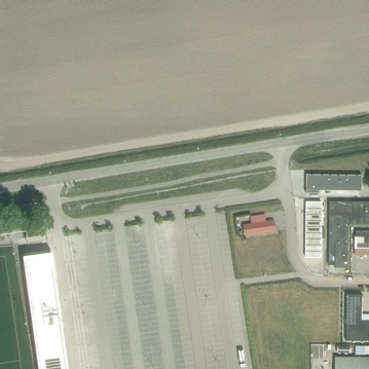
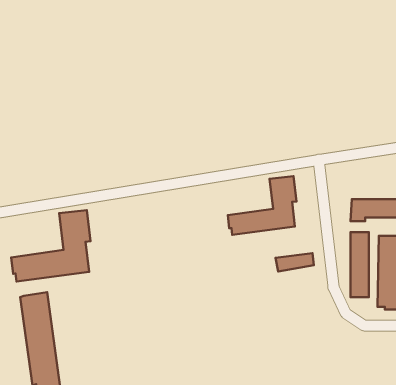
building: none -> [228,176,296,235]
building: none -> [11,210,90,282]

